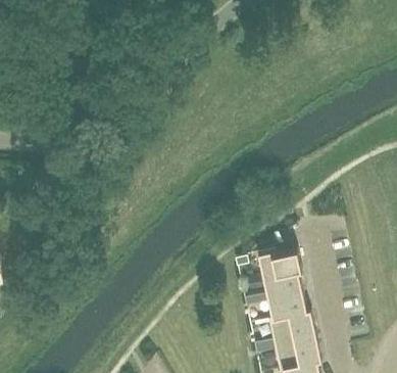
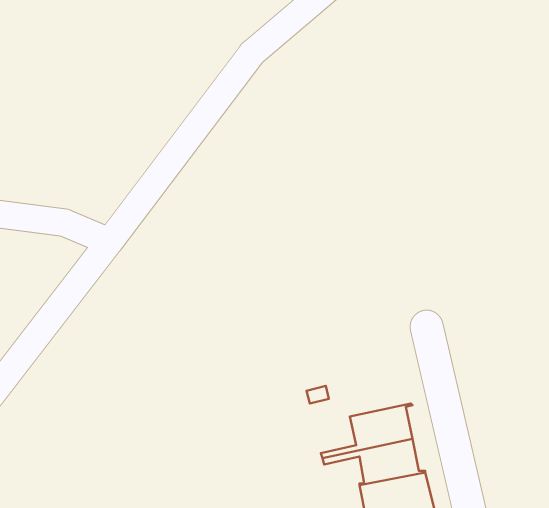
building: [258,250,301,278] -> none

